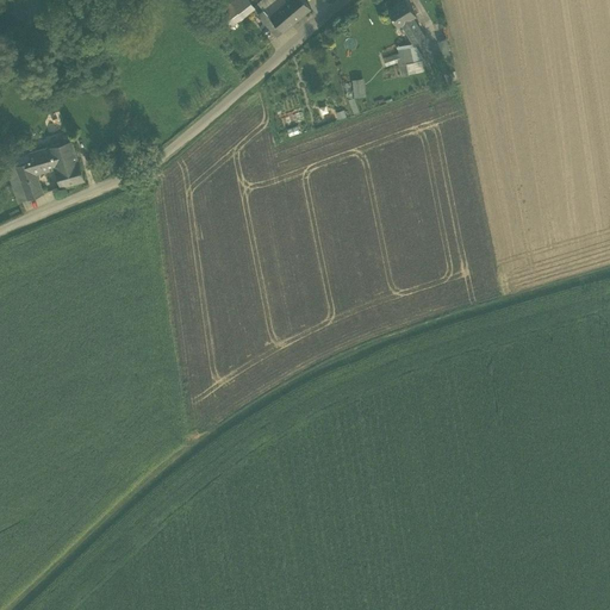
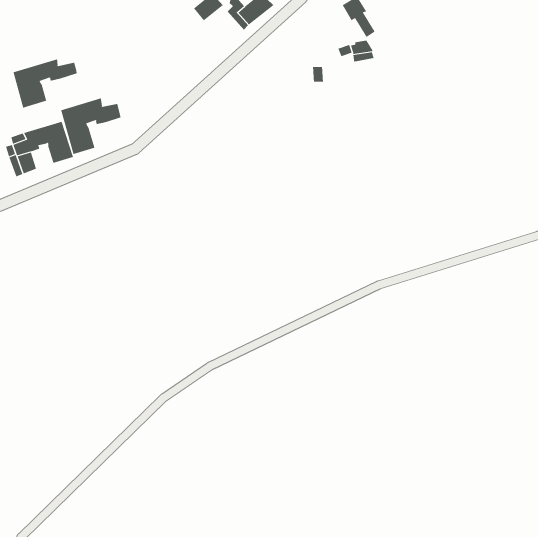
building: none -> [13,58,77,109]
building: none -> [60,98,121,155]

